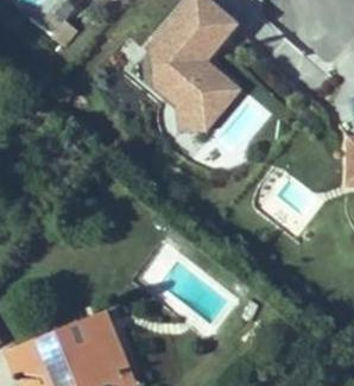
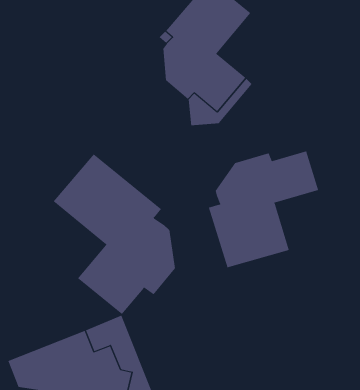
building: none -> [208,150,319,268]
building: none -> [53,153,176,315]

